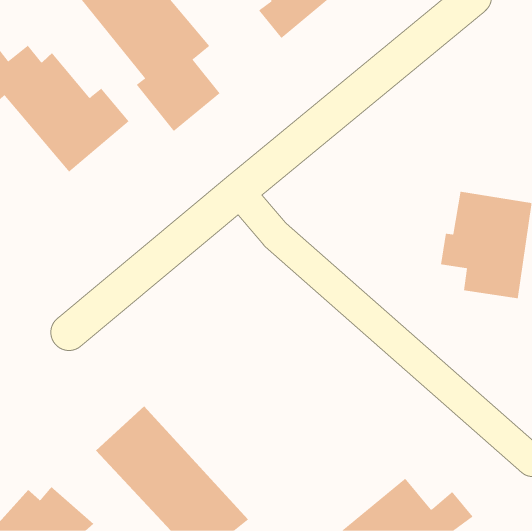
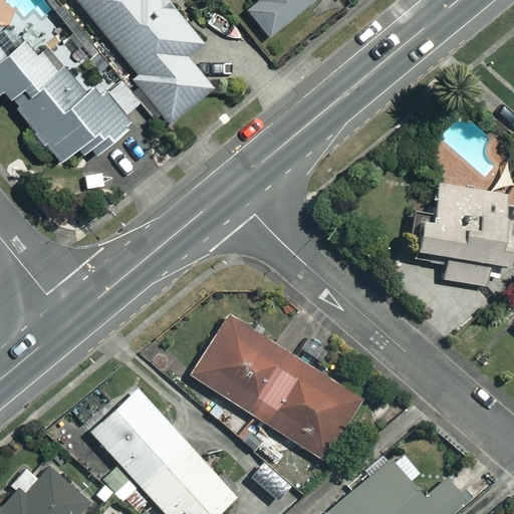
building: none -> [191,315,363,461]

